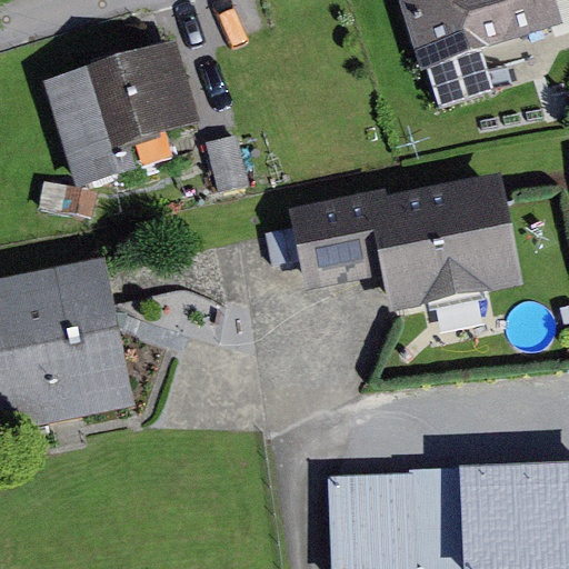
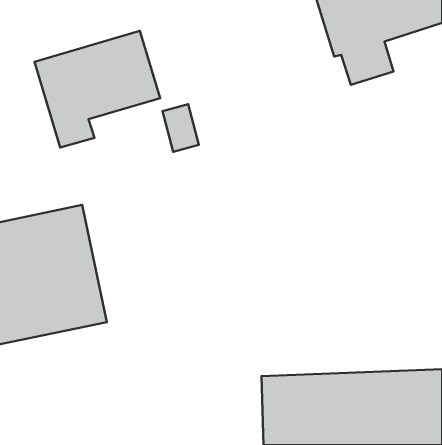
building: [289,173,522,311] -> none

